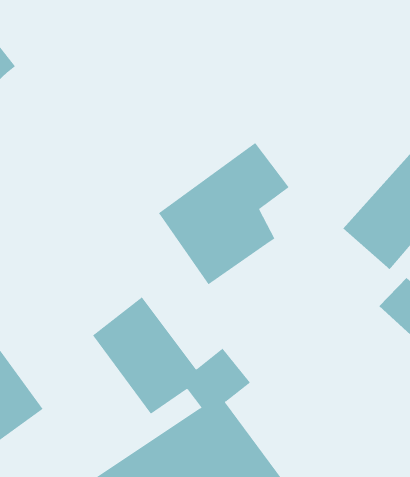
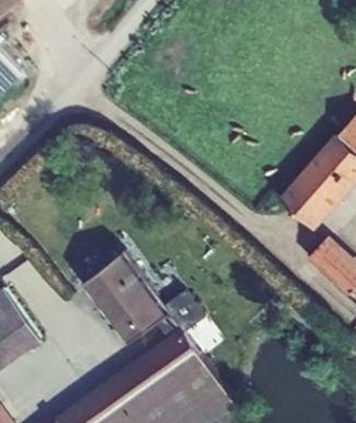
building: [158,142,289,285] -> none

